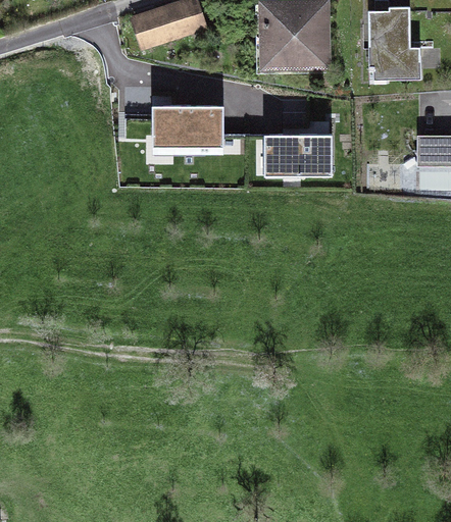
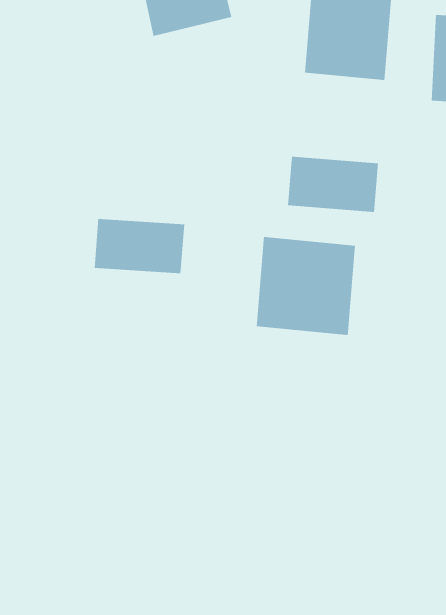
building: [150,105,220,146] -> [94,219,185,274]
building: none -> [256,236,356,336]

